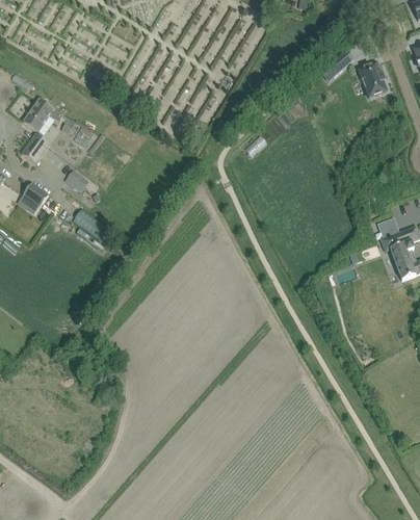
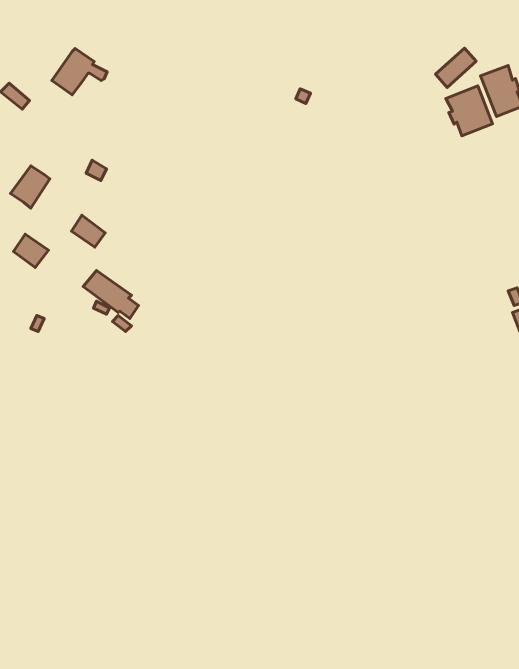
building: none -> [446,86,492,136]
building: [24,98,63,131] -> [52,48,107,95]

